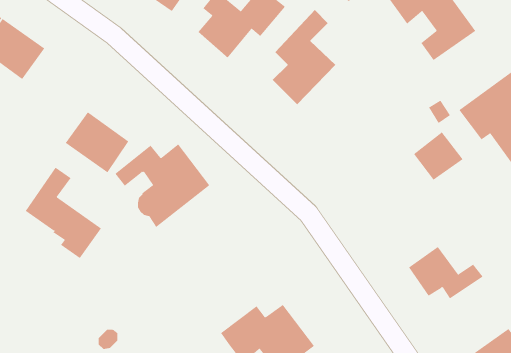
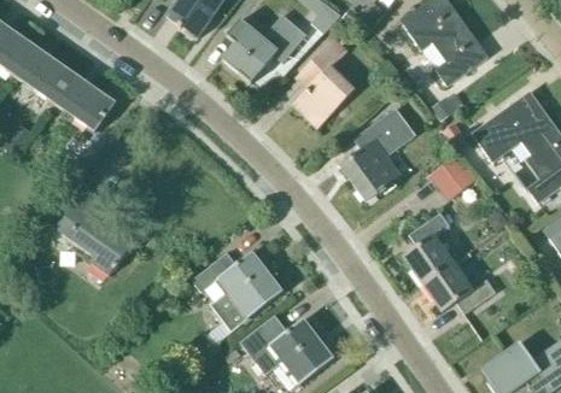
building: none -> [340,106,416,200]
building: [65,111,129,173] -> [54,72,116,131]
building: [114,144,210,228] -> [192,250,284,330]
building: none -> [404,212,452,282]

